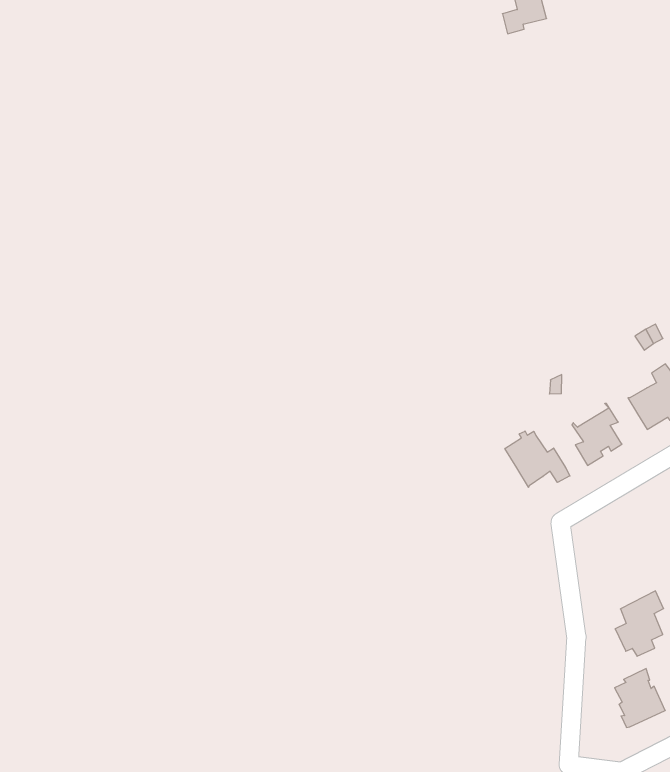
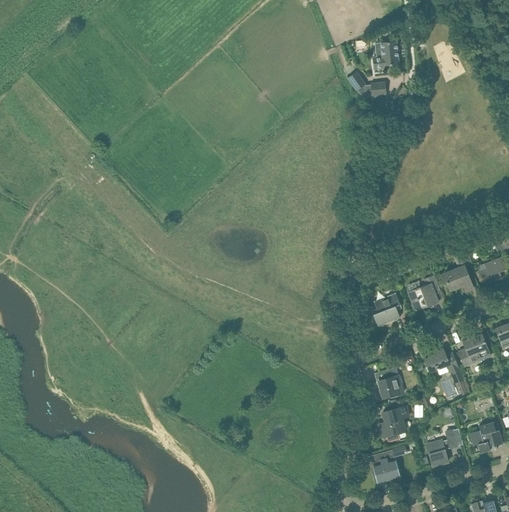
building: none -> [348,72,386,95]
building: [505,431,570,487] -> none
building: none -> [377,367,403,398]

